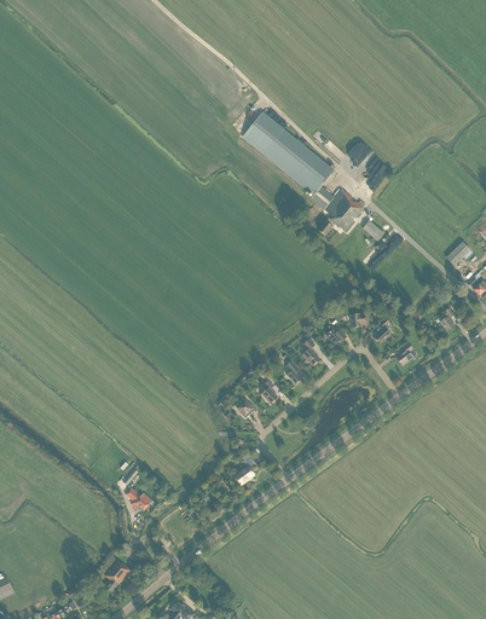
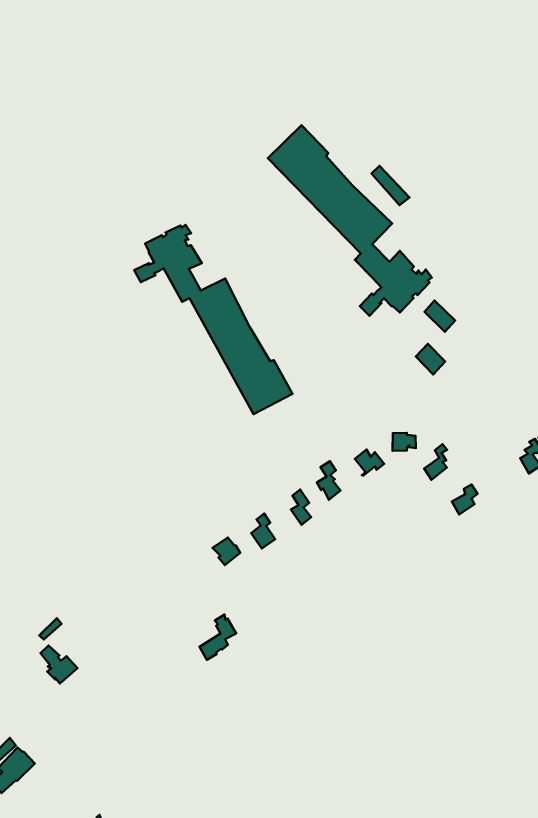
building: none -> [134,225,293,414]

